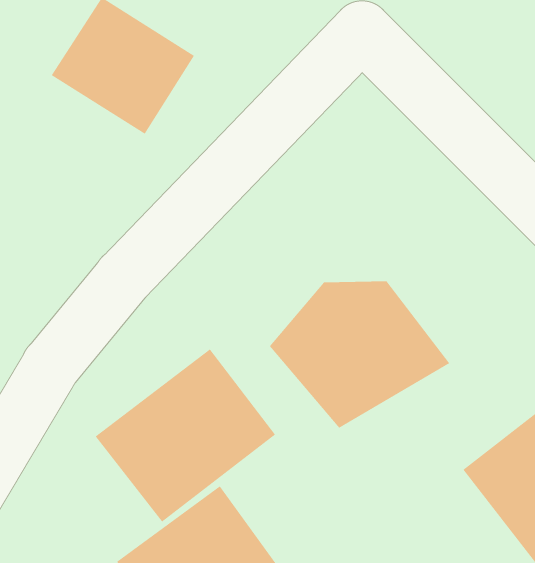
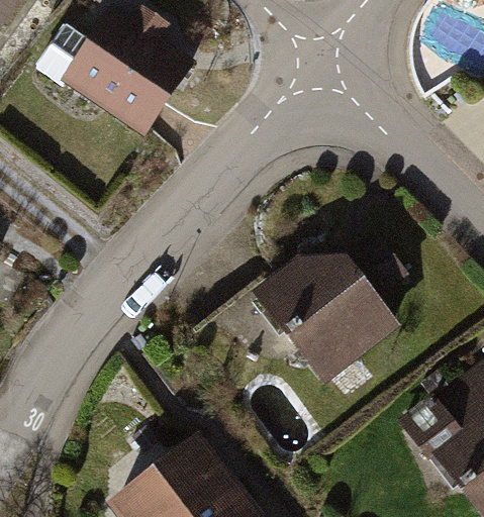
building: [95,349,276,522] -> none

